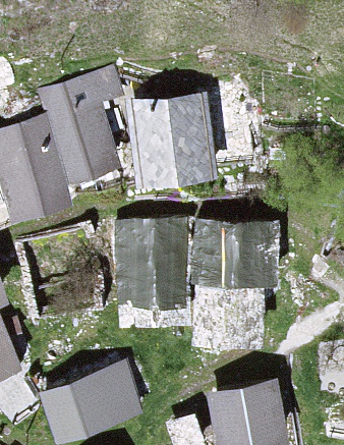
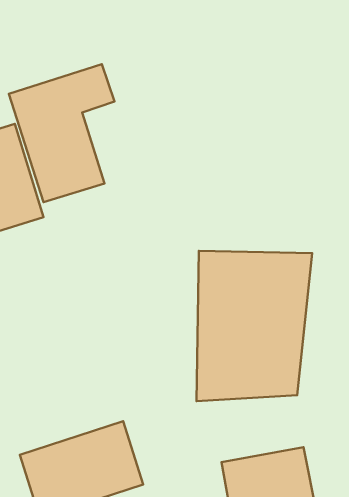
building: [125,94,205,186] -> none
building: [117,224,191,326] -> none

